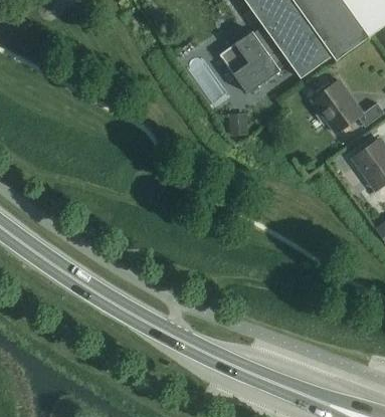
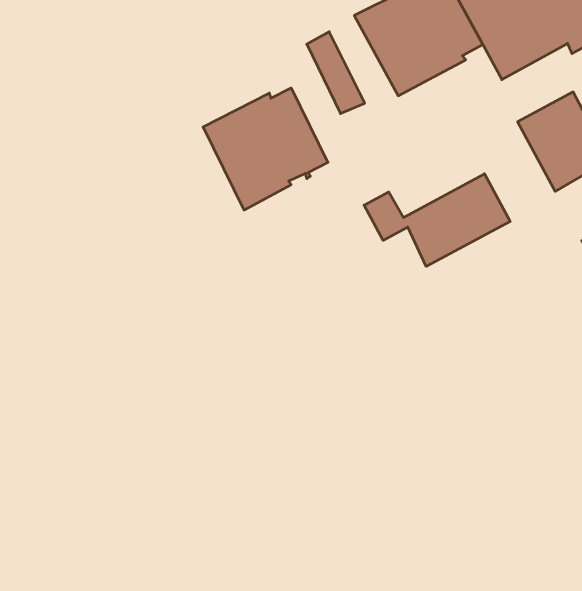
building: none -> [203,88,328,210]
building: none -> [364,174,510,266]

